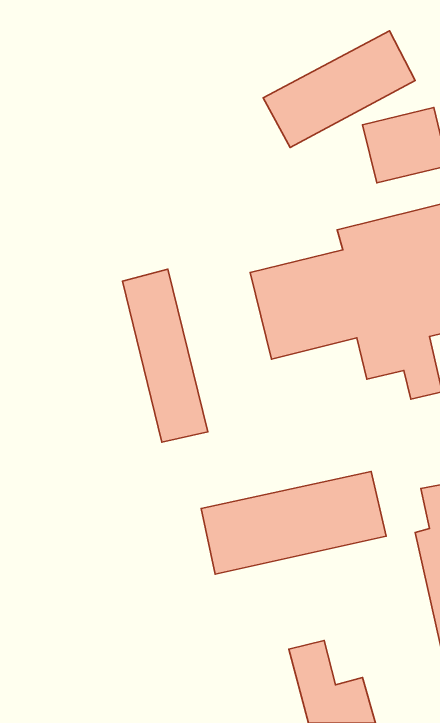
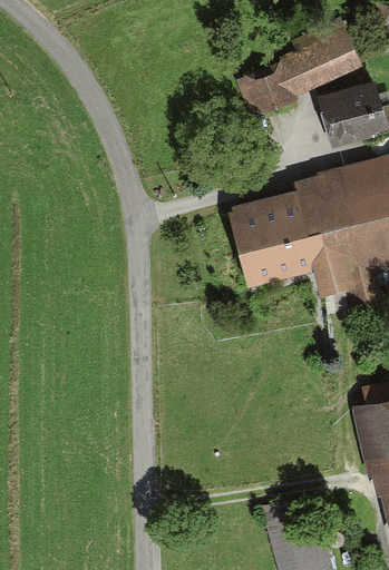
building: [123,269,208,442] -> none
building: [201,472,386,574] -> none

